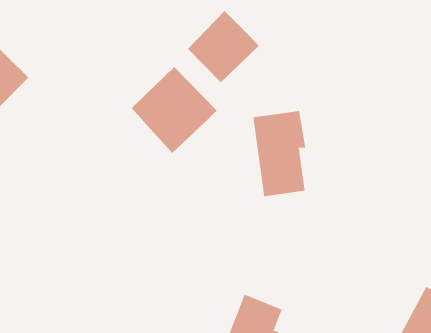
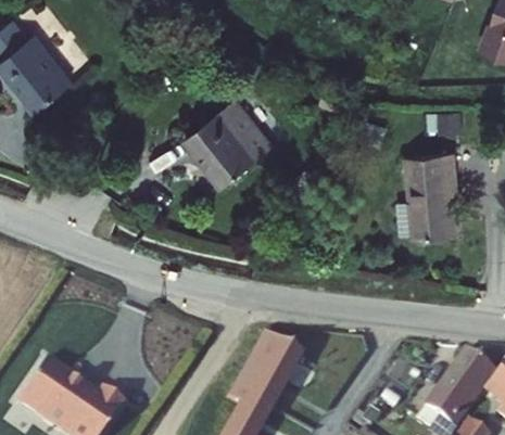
building: [187,10,260,83] -> none
building: [253,111,306,197] -> [422,159,471,240]

